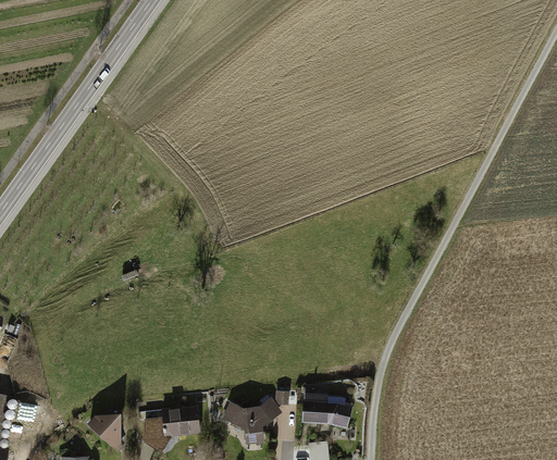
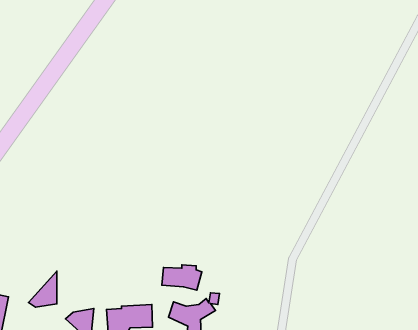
building: none -> [29,271,57,307]
building: [300,395,352,427] -> [162,265,202,290]

